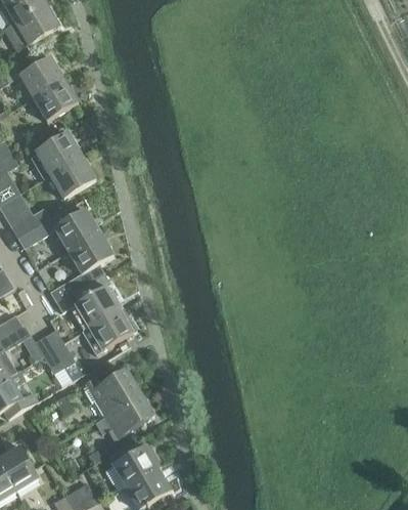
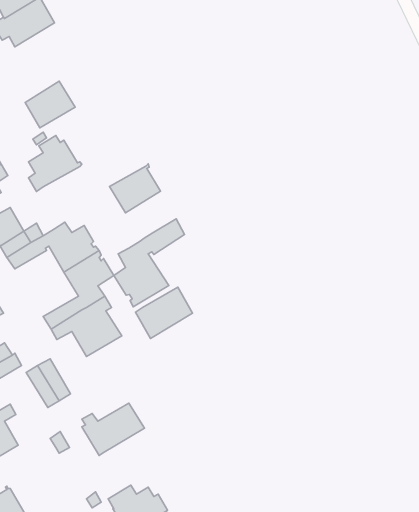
building: [18,56,63,98] -> none
building: [49,154,95,198] -> [109,164,161,213]
building: none -> [114,219,185,307]
building: [82,308,133,354] -> [136,287,193,338]
building: [102,391,153,439] -> none

